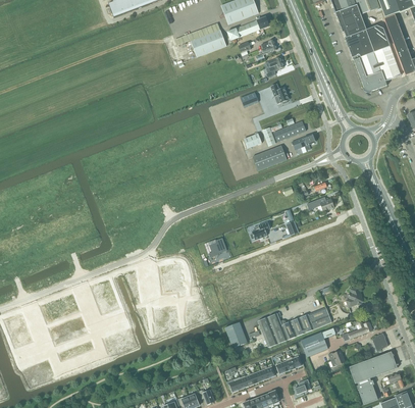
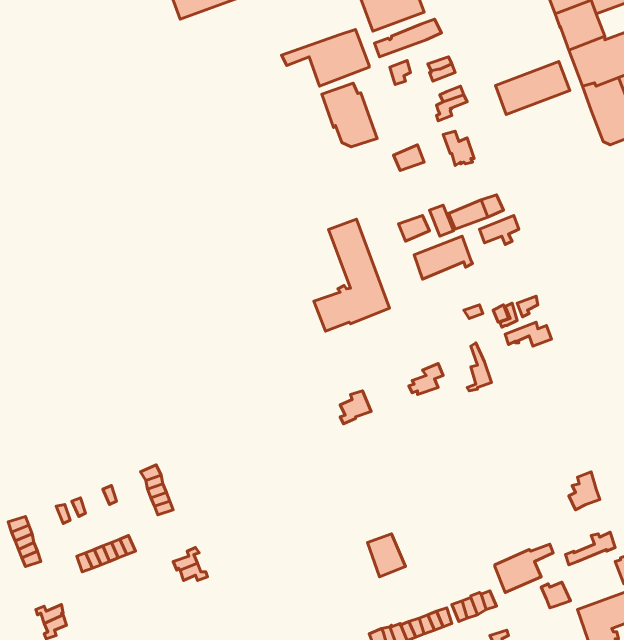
building: none -> [495,61,570,115]
building: none -> [322,83,377,147]
building: none -> [314,219,390,331]
building: [258,306,332,347] -> none

